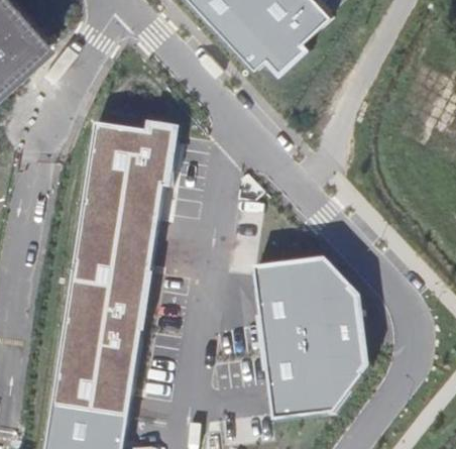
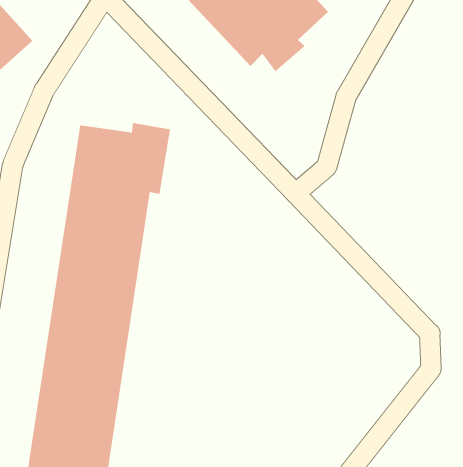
building: [253,261,365,422] -> none

